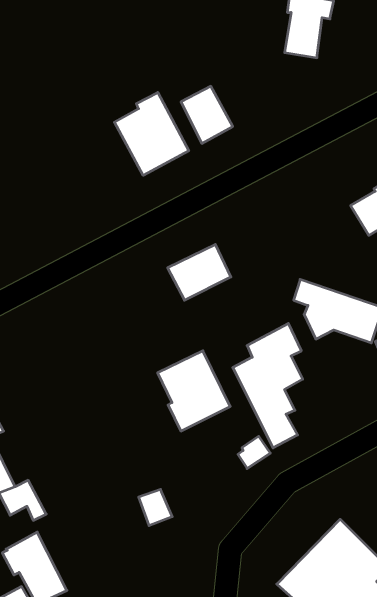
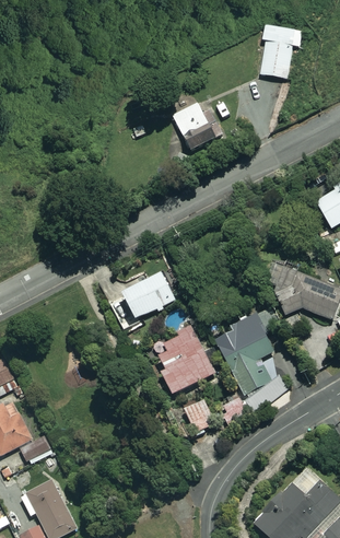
building: [114,92,189,175] -> none
building: [168,244,231,300] -> [122,272,176,319]
building: [139,489,172,526] -> [185,400,213,431]

